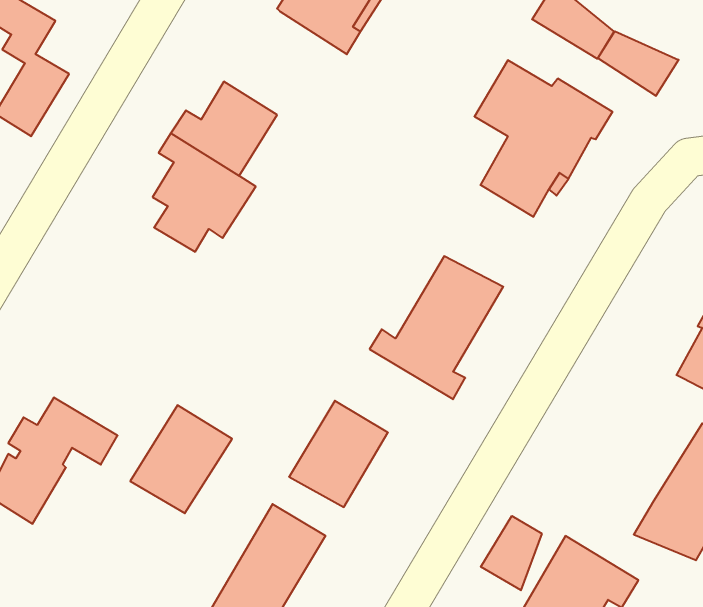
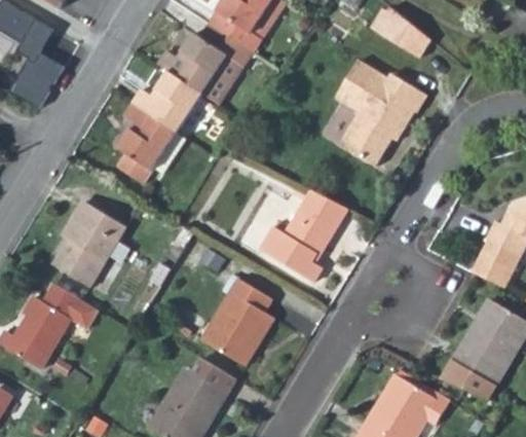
building: none -> [152,24,249,103]
building: [598,31,679,96] -> none
building: [130,405,232,513] -> [49,207,118,280]
building: [481,516,542,590] -> none

